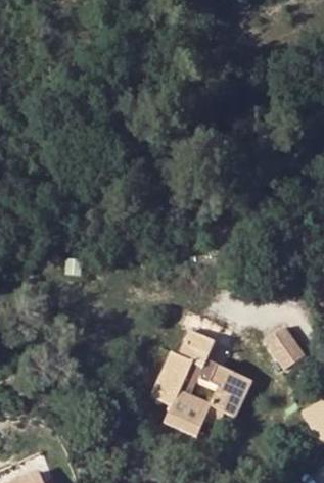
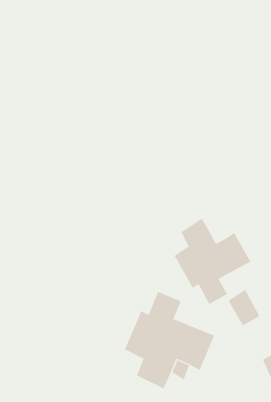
building: none -> [174,218,251,305]

